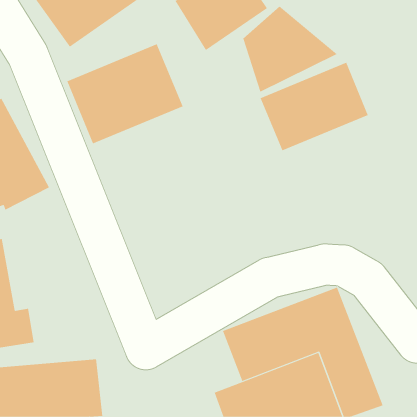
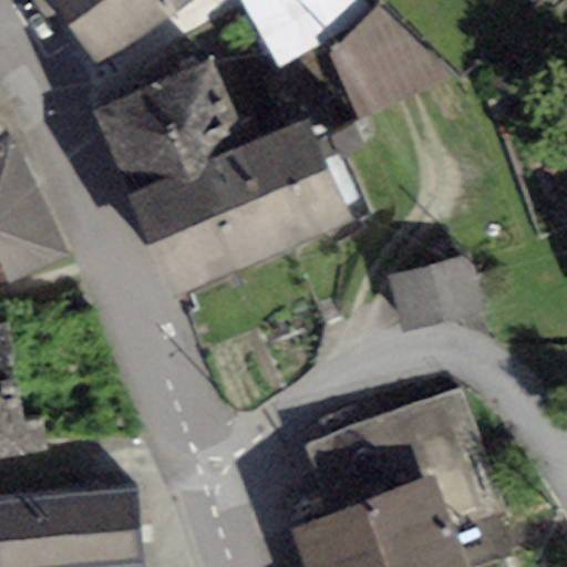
building: [260,62,369,151] -> none
building: none -> [125,118,351,296]
building: none -> [385,254,488,333]

